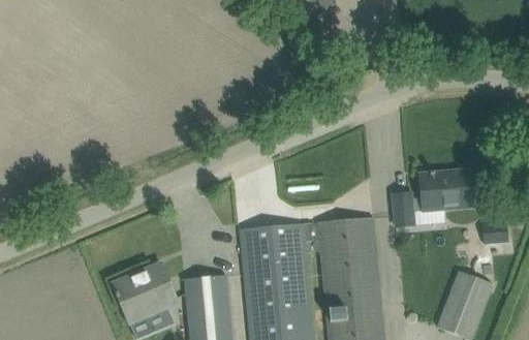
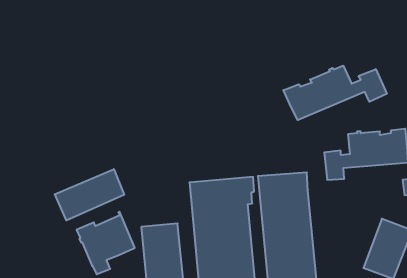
building: none -> [283,66,387,120]
building: none -> [55,169,124,220]

